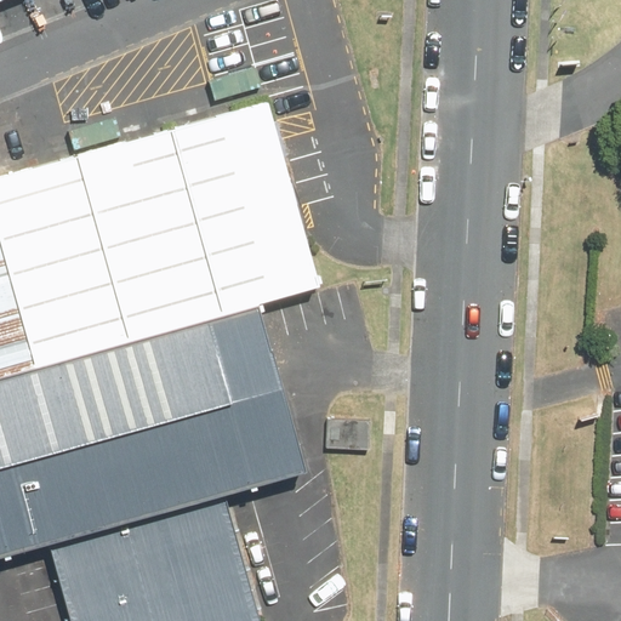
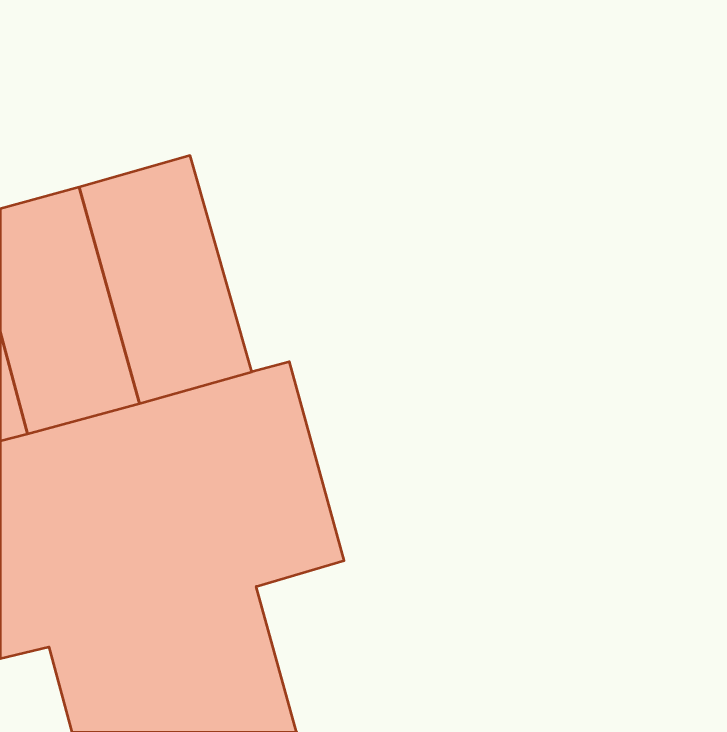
building: [167,104,314,313] -> none

